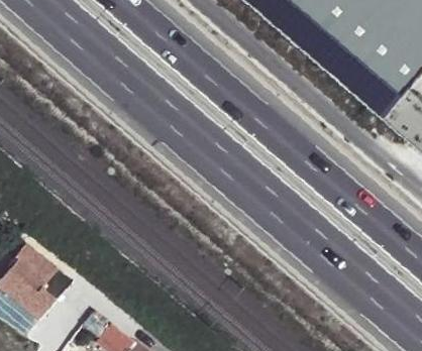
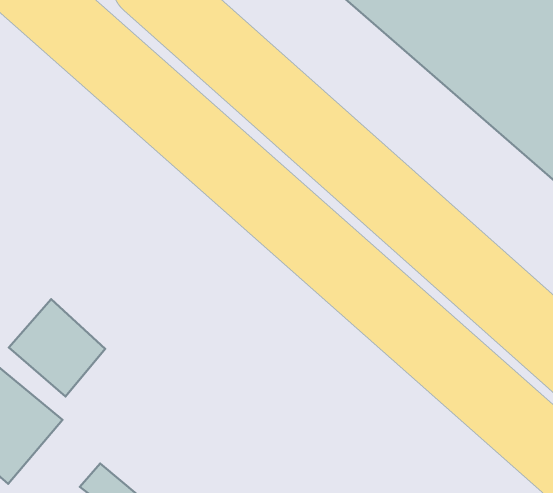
building: none -> [9,299,105,396]

